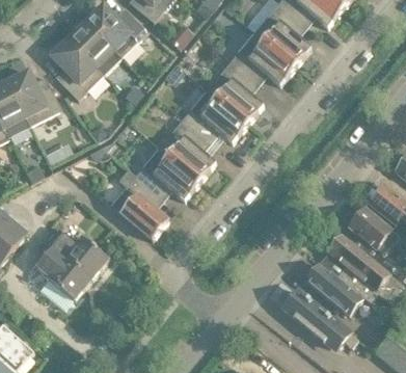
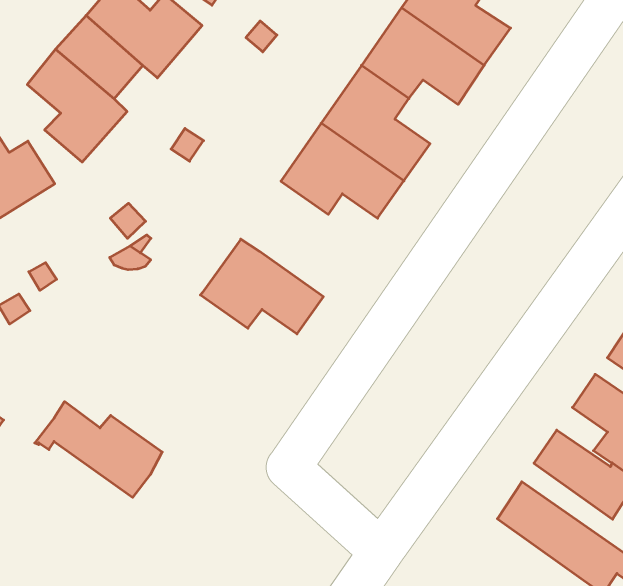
building: [167,119,215,183] -> none
building: [109,169,167,241] -> none
building: [35,248,89,300] -> none

